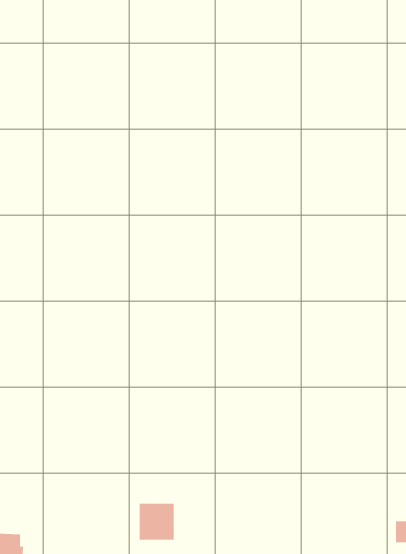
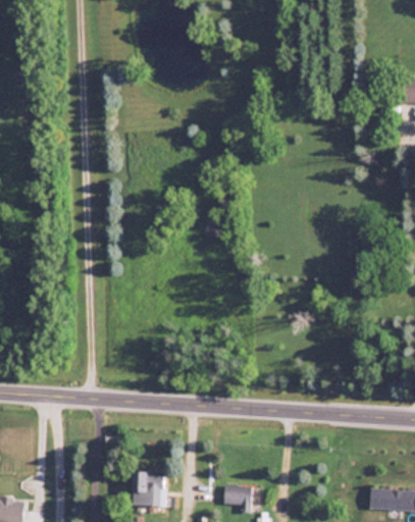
building: none -> [224,486,251,507]

